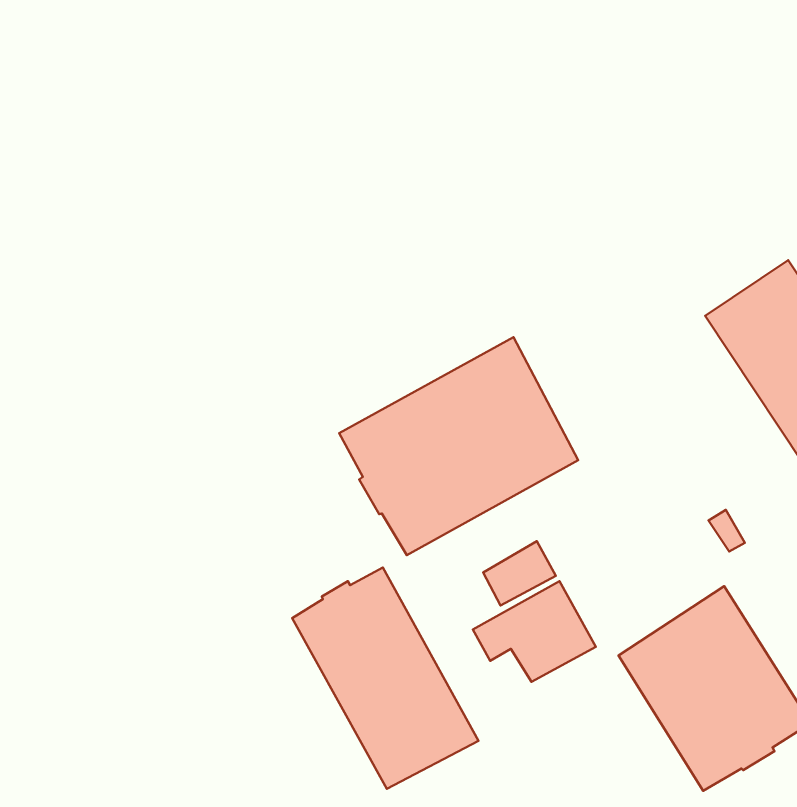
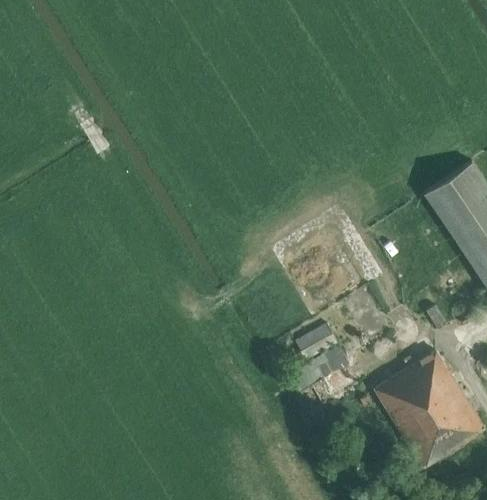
building: [339,337,578,555] -> none
building: [292,567,479,789] -> none

